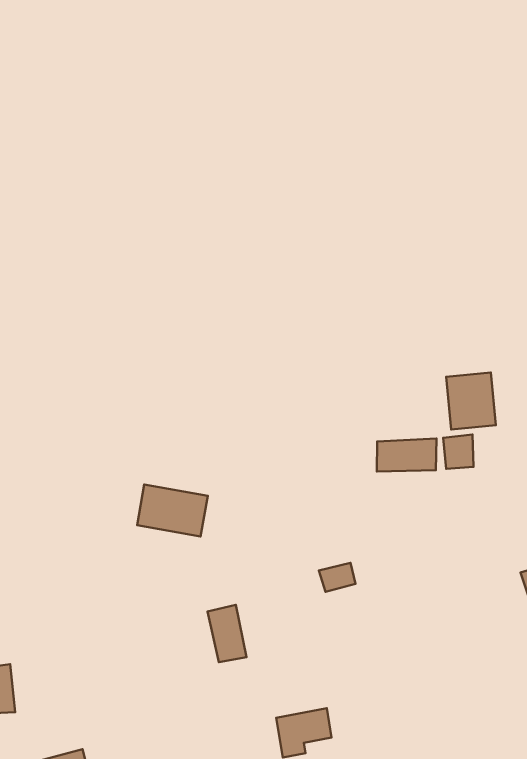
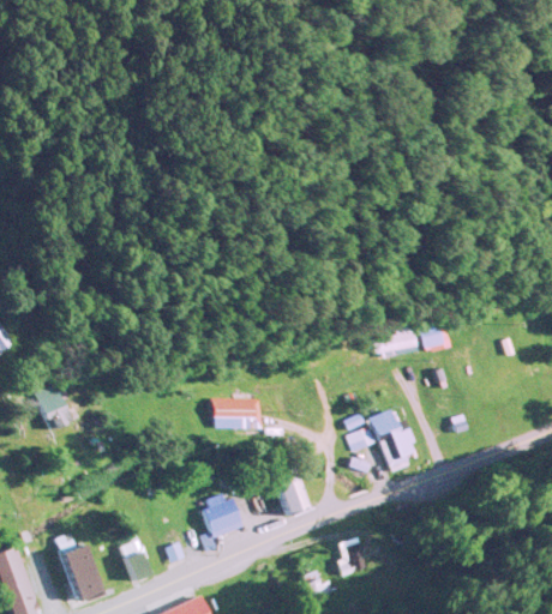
building: [446,373,496,430] -> none
building: none -> [371,411,418,463]
building: none -> [200,490,241,537]

